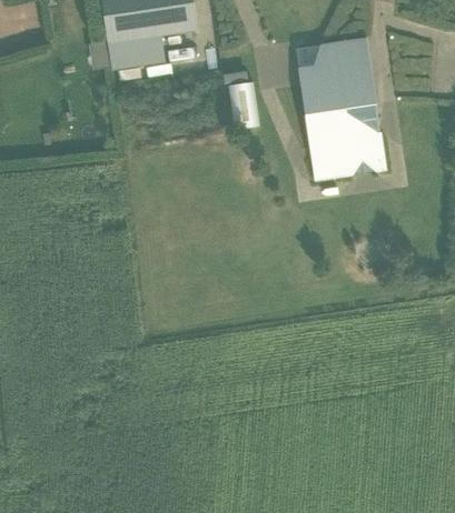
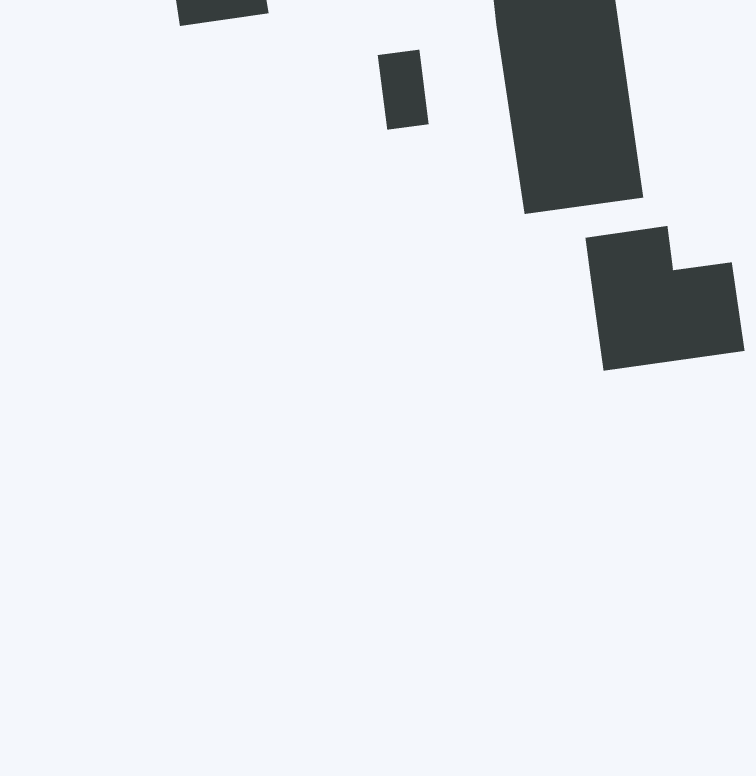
building: none -> [585,225,745,372]

